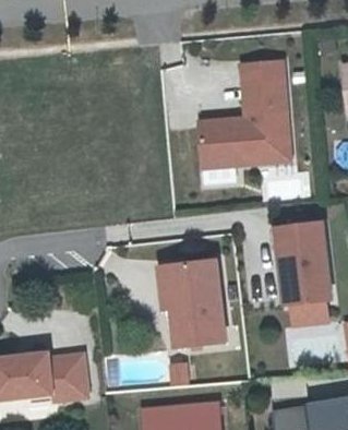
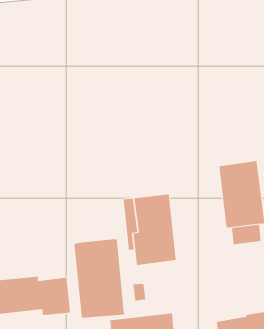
building: [196,59,297,168] -> none
building: none -> [74,239,124,319]

